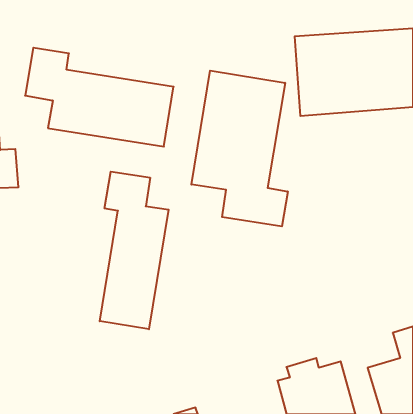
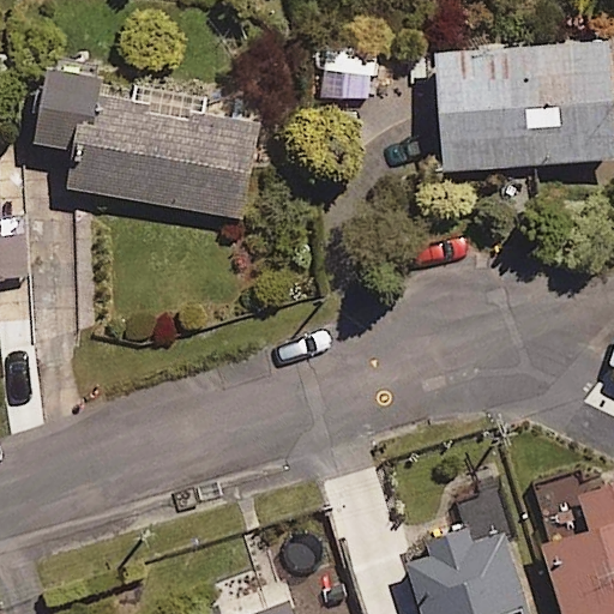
building: [191,71,288,226] -> none
building: [100,172,169,329] -> none

